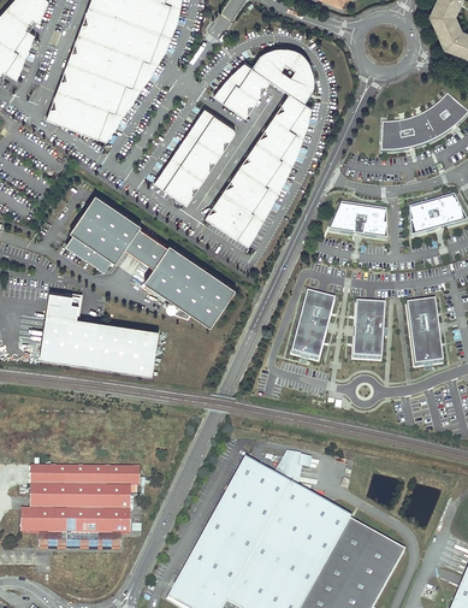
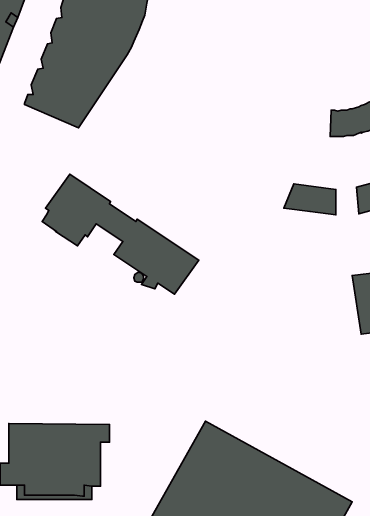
building: [203,47,313,246] -> none
building: [153,107,235,205] -> none
building: [38,291,156,374] -> none
building: [289,293,333,362] -> none
building: [351,302,384,361] -> none

